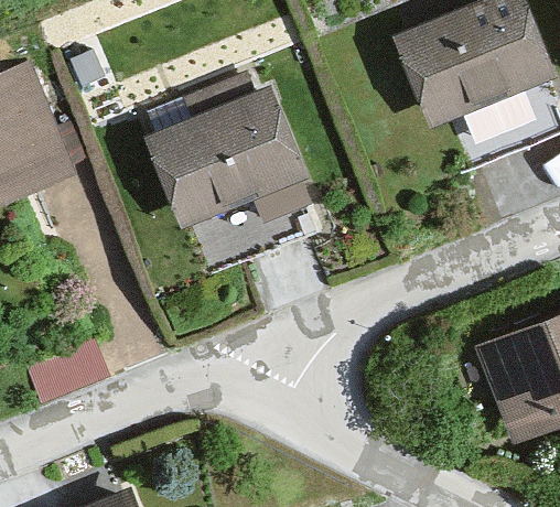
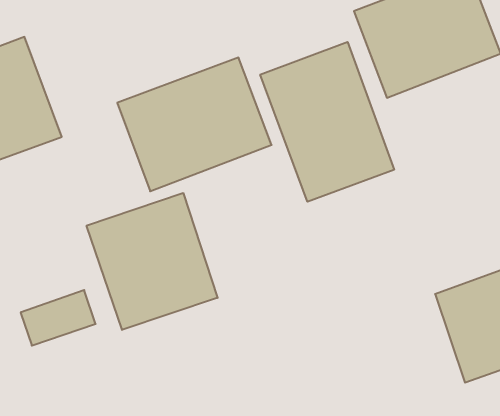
building: none -> [260,42,394,202]
building: none -> [87,193,218,330]

